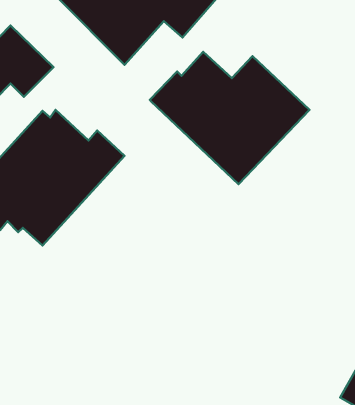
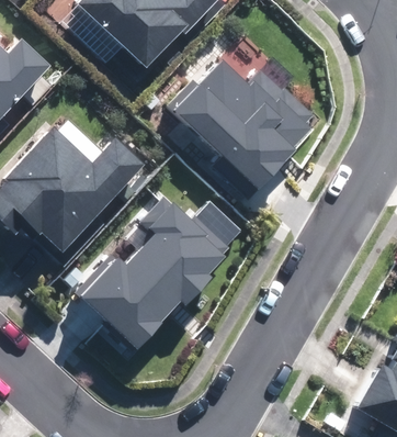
building: none -> [75,195,234,350]

